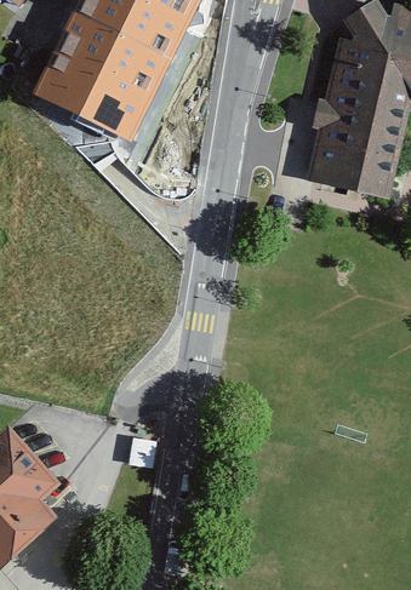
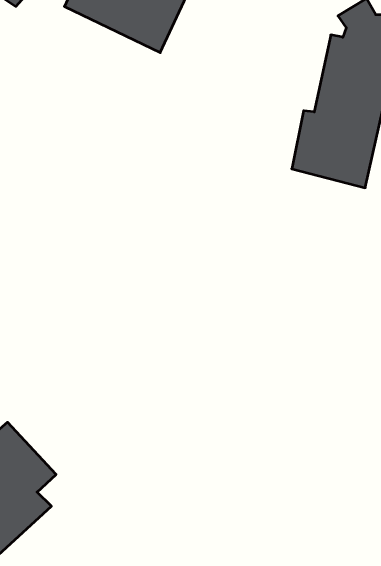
building: [33,8,171,139] -> none

